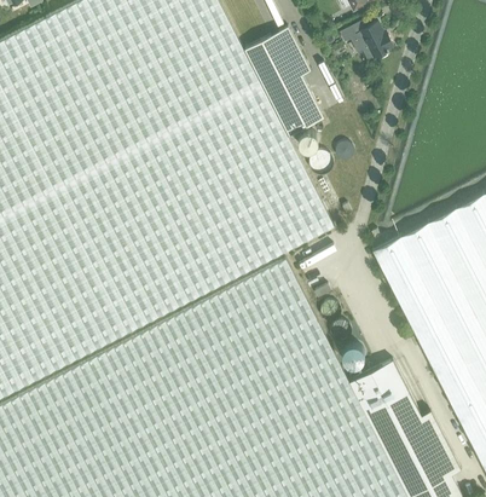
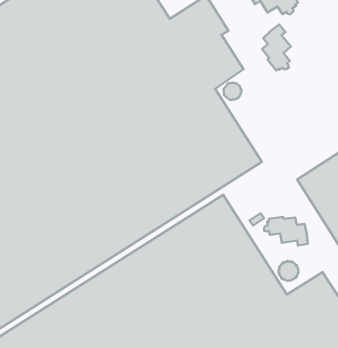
building: none -> [262,25,291,70]
building: none -> [264,217,308,245]

